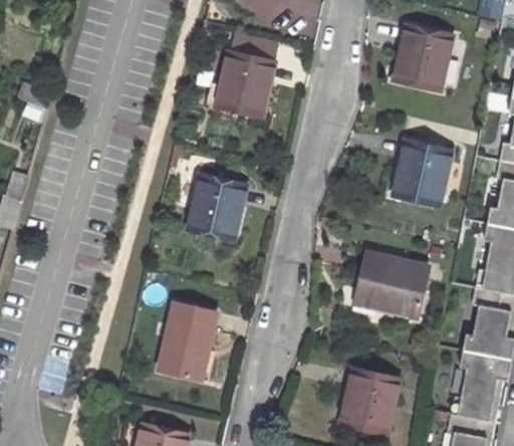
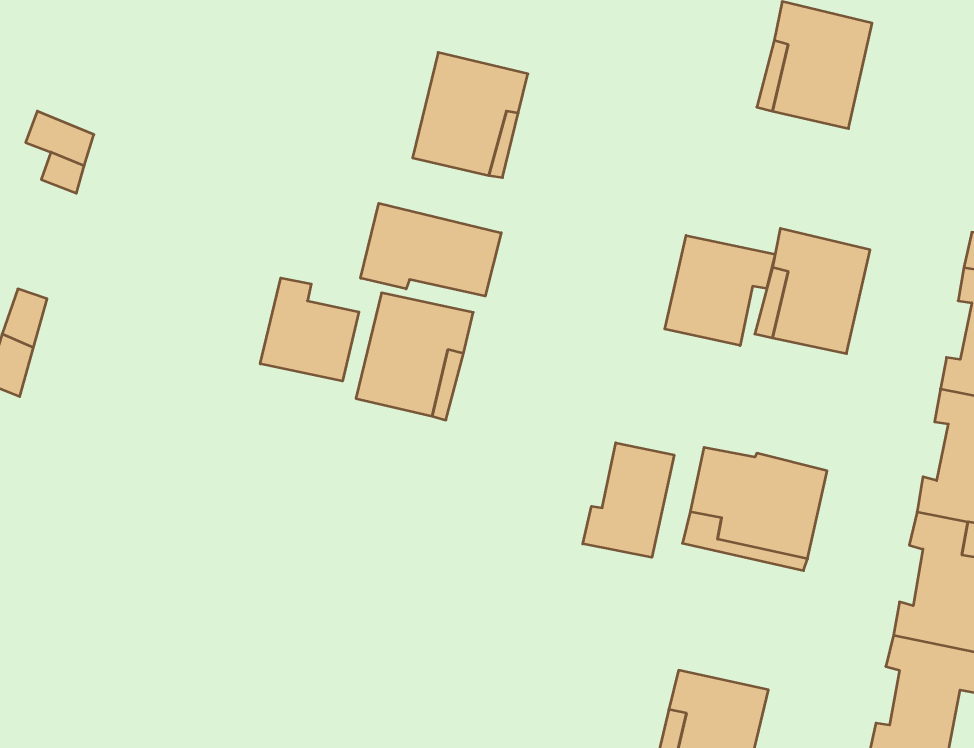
building: none -> [361,203,501,296]
building: none -> [665,235,775,346]
building: none -> [260,278,359,381]
building: none -> [583,443,674,557]
building: [159,302,218,380] -> none

